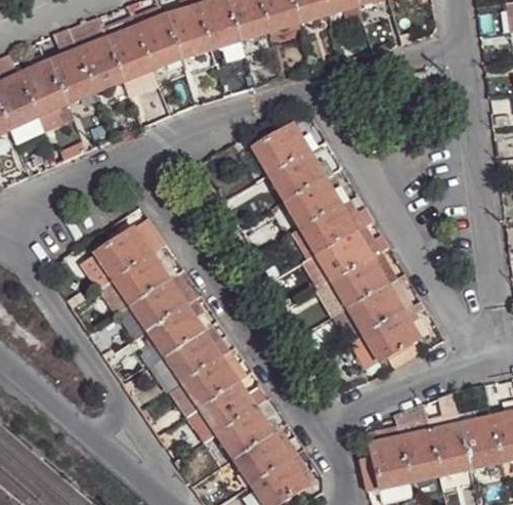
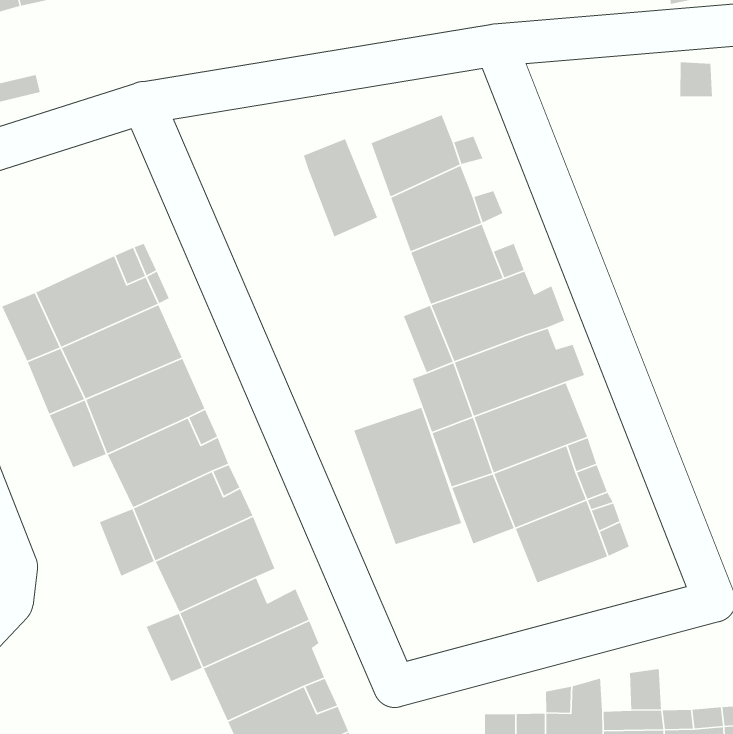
building: none -> [303,138,378,238]
building: none -> [353,407,462,545]

